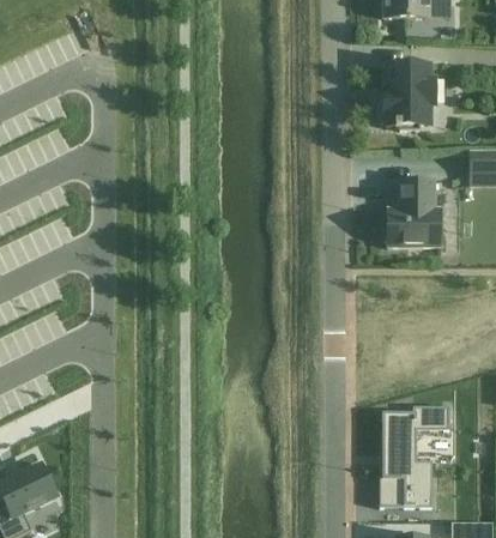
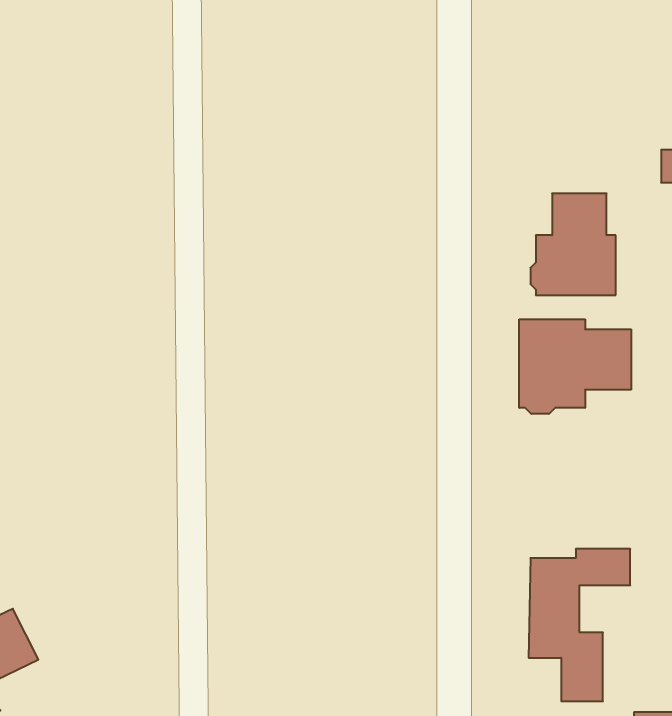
building: [377,65,434,131] -> none
building: none -> [519,319,631,414]

